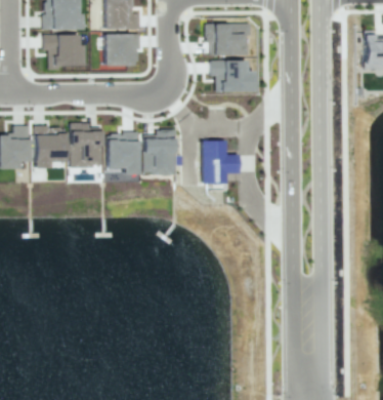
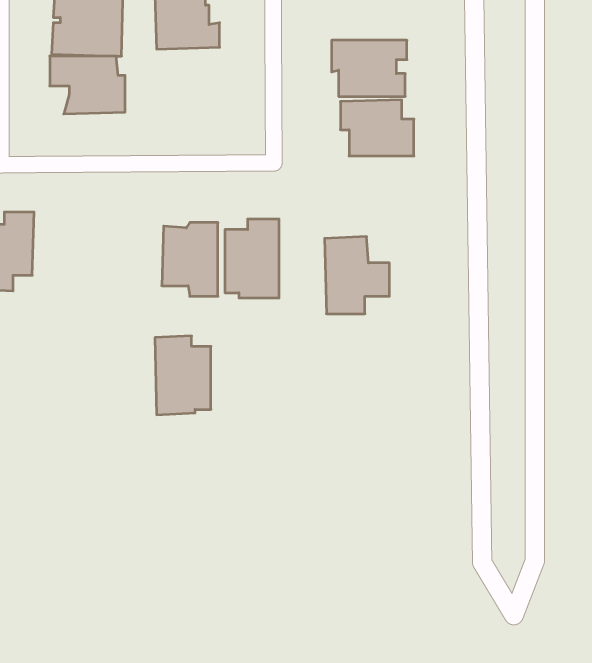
building: [102,34,141,67] -> none
building: [70,122,102,168] -> [155,336,211,415]
building: [35,125,65,170] -> none

